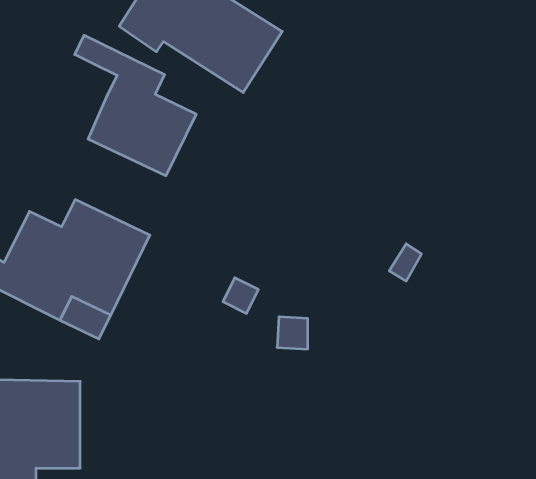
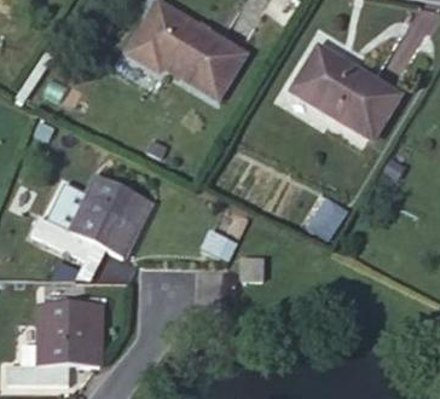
building: none -> [293,47,399,139]
building: [75,35,196,176] -> none

